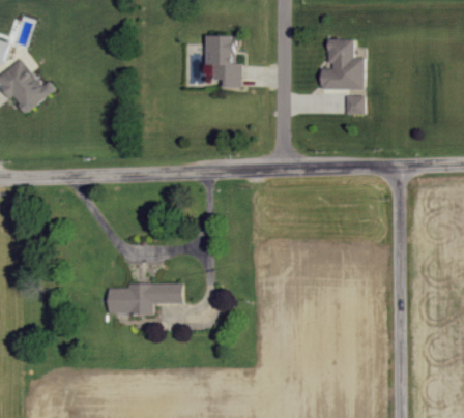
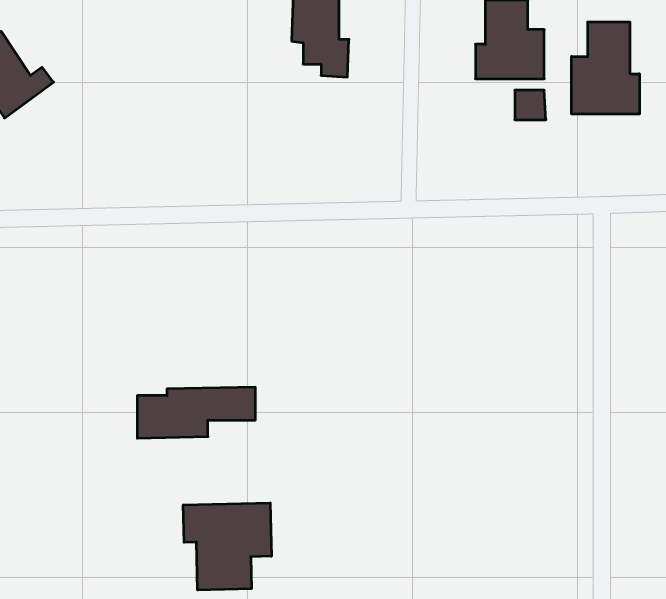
building: none -> [572,22,639,114]
building: none -> [183,503,271,590]

